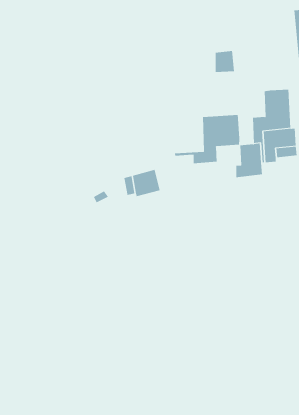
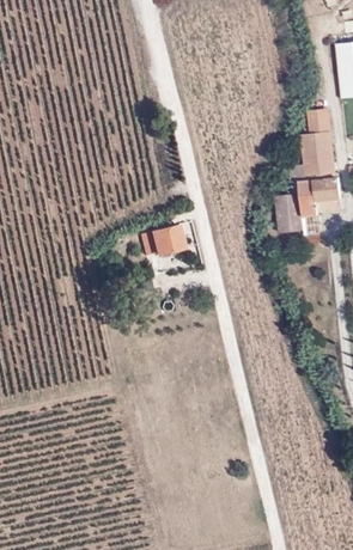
building: [215,50,235,73] -> [308,108,330,133]
building: [174,114,240,164] -> none

